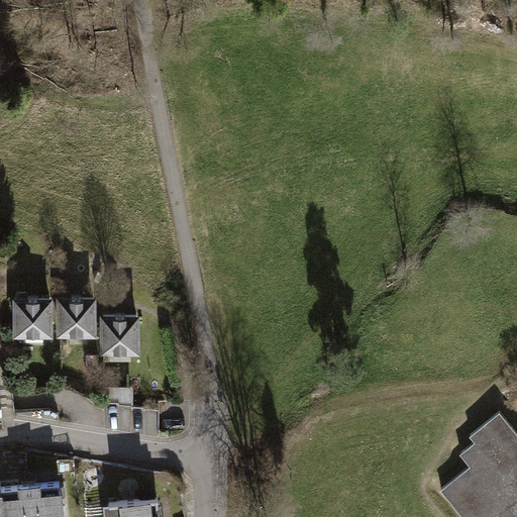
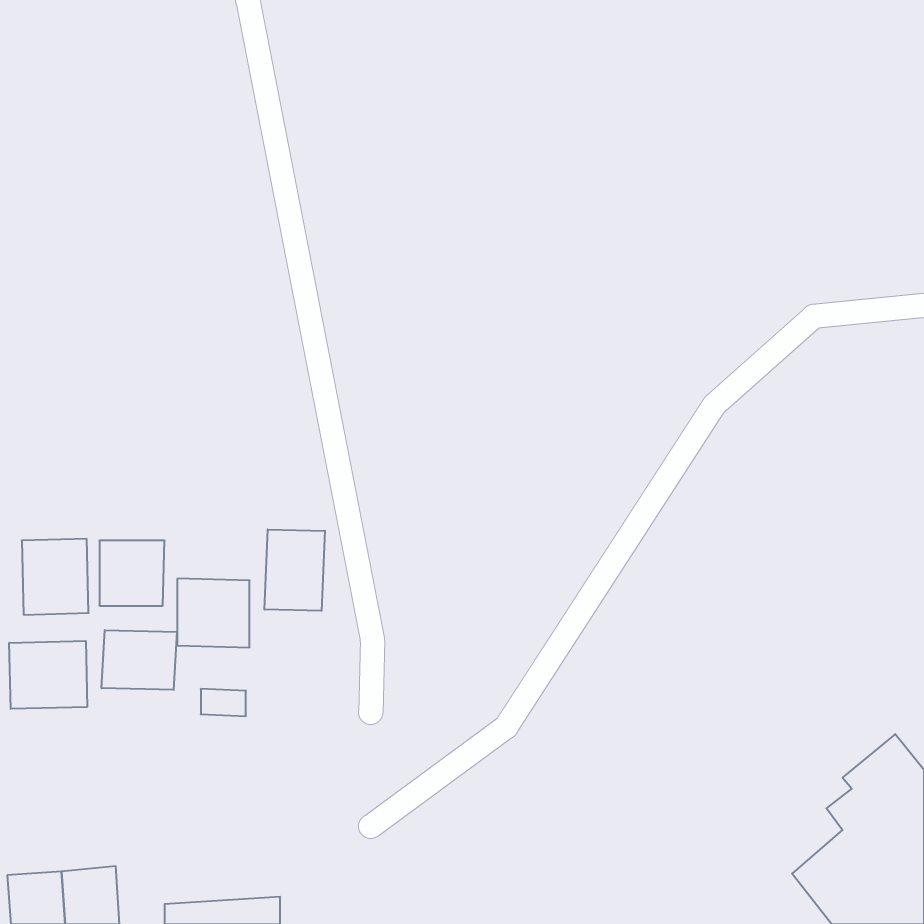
building: none -> [264,529,325,611]
building: none -> [102,630,177,690]
building: none -> [9,641,87,709]

